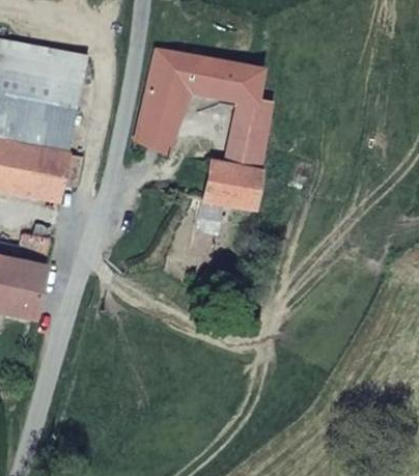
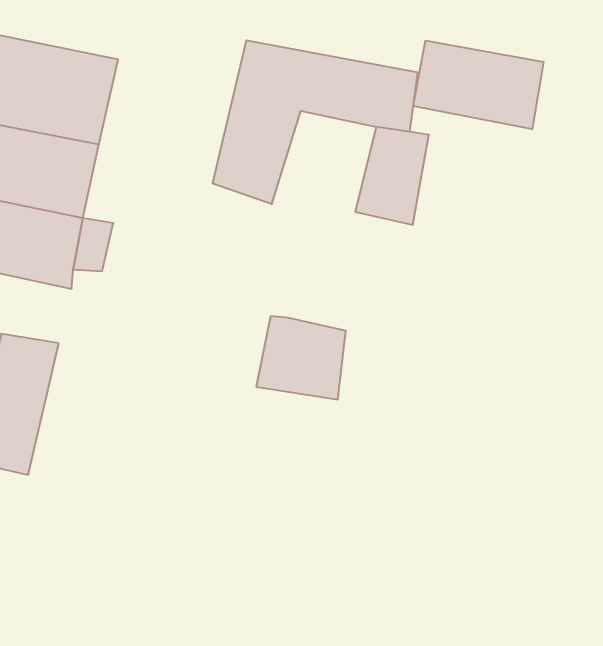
building: none -> [413,41,544,129]
building: [212,153,270,207] -> [256,316,346,400]

